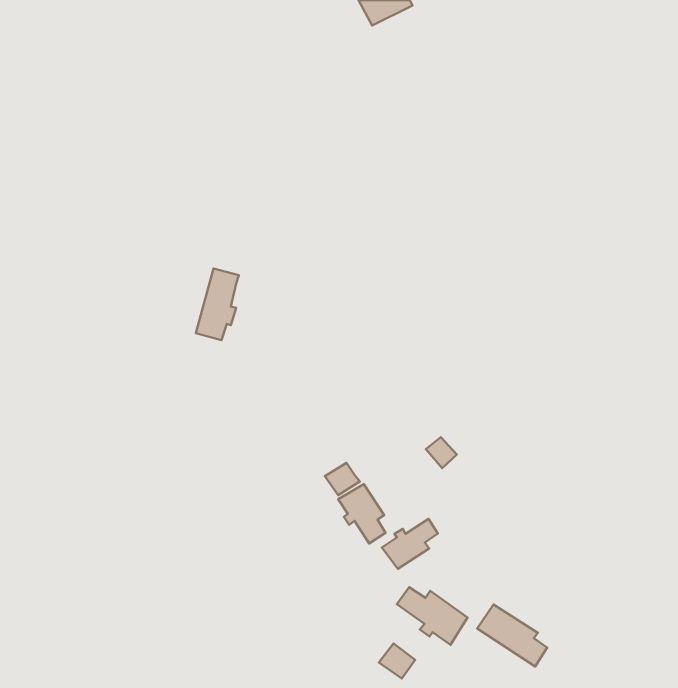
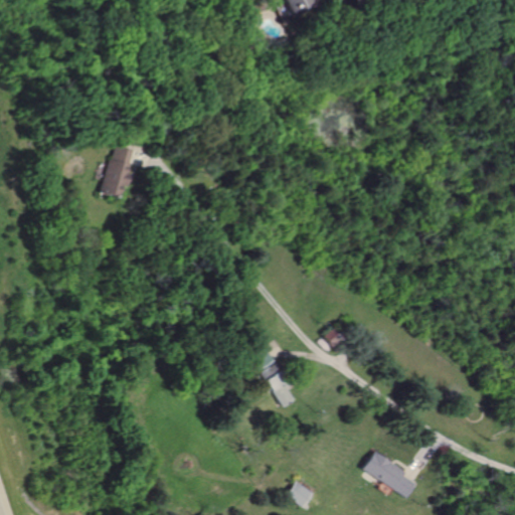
building: [196,269,239,340] -> [99,144,131,197]
building: [382,519,438,569] -> none
building: [397,587,467,645] -> none

